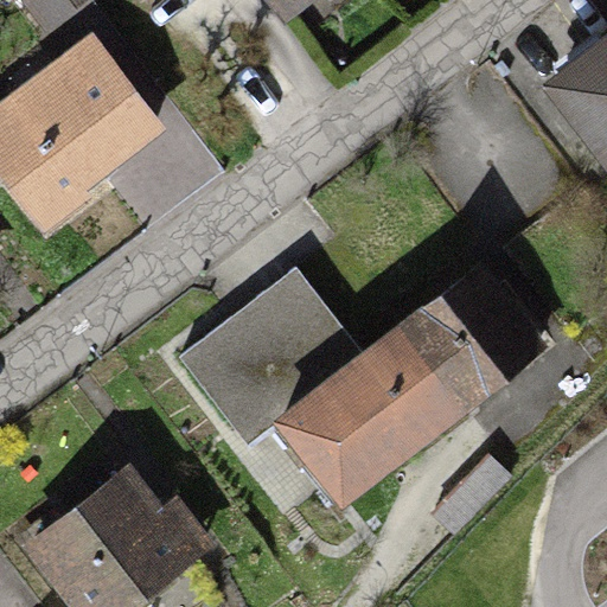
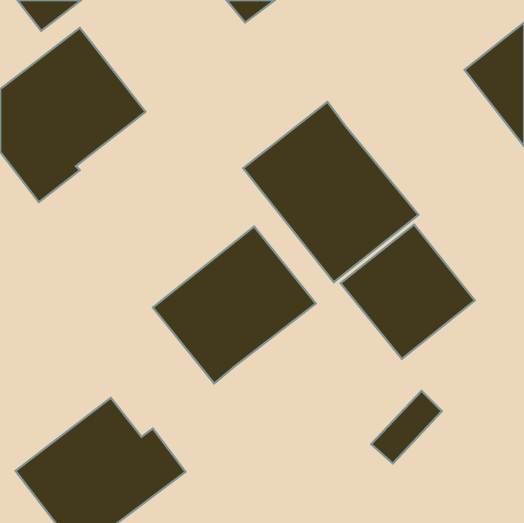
building: none -> [243,102,419,282]
building: [271,328,465,512] -> none

